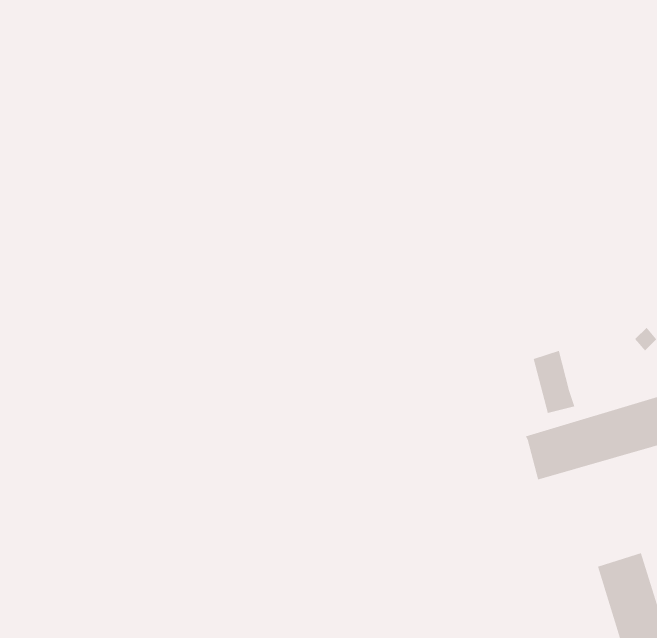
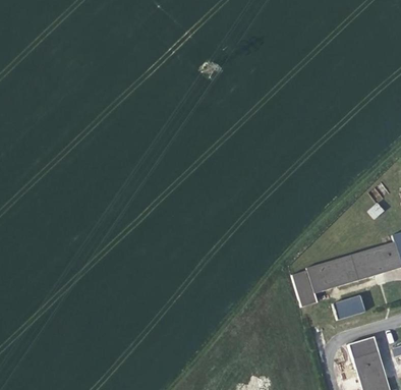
building: [533,350,575,413] -> [292,269,317,305]
building: none -> [333,296,367,322]

